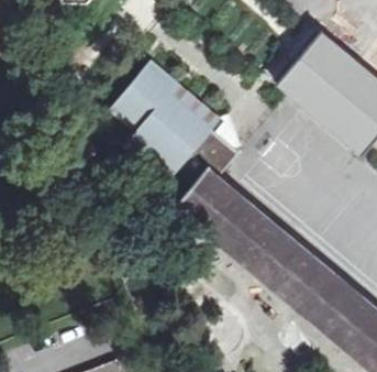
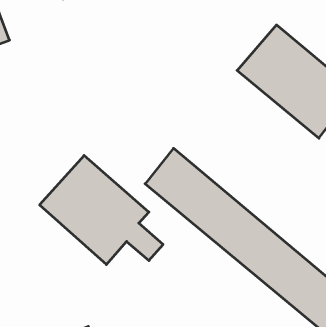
building: [101,55,235,174] -> [40,155,163,265]

